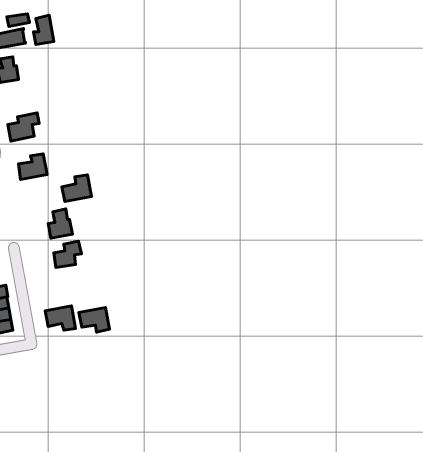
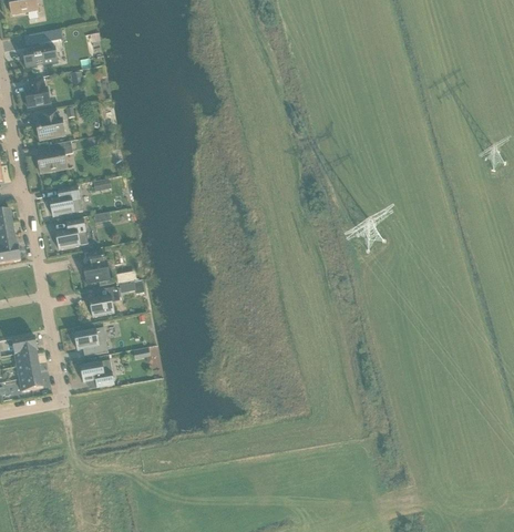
building: [33,15,54,44] -> none
building: none -> [35,109,63,137]
building: [62,175,91,201] -> [53,217,86,247]
building: [79,308,109,332] -> [72,326,106,354]

